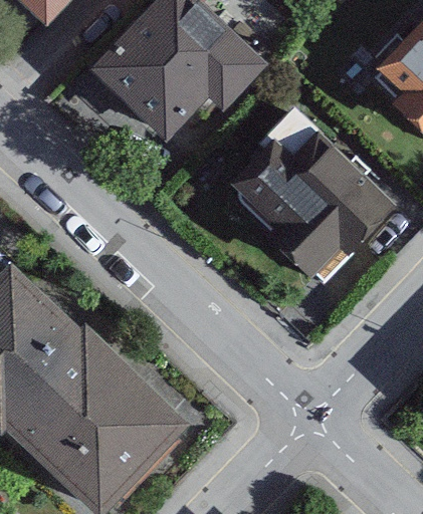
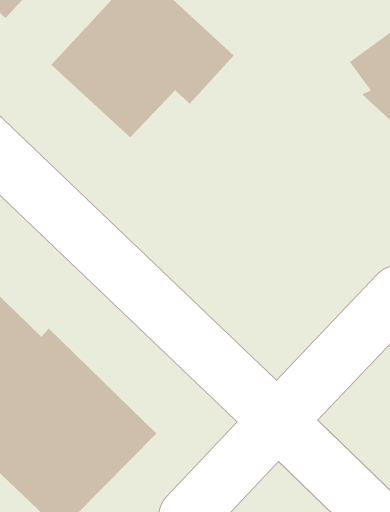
building: [227,108,397,277] -> none

